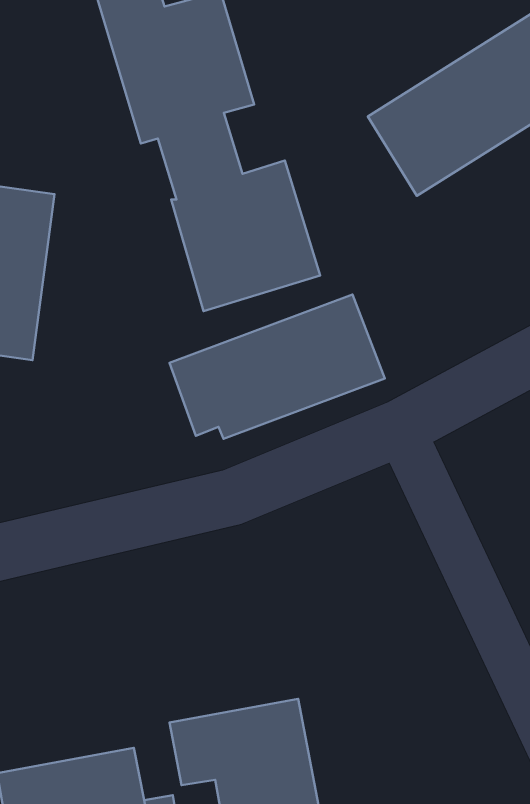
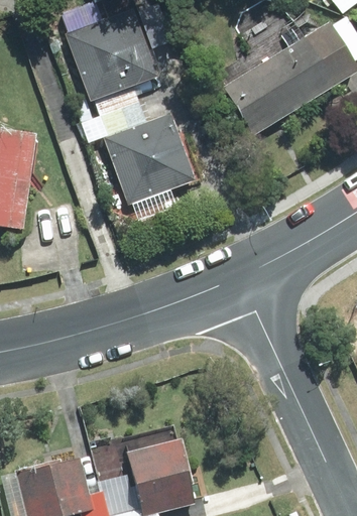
building: [170,295,385,439] -> none

